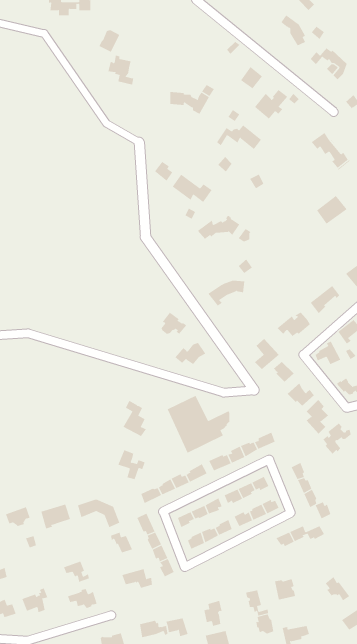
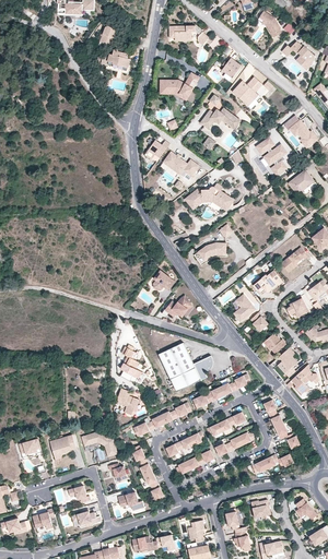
building: none -> [169,25,209,45]
building: none -> [255,136,288,177]

